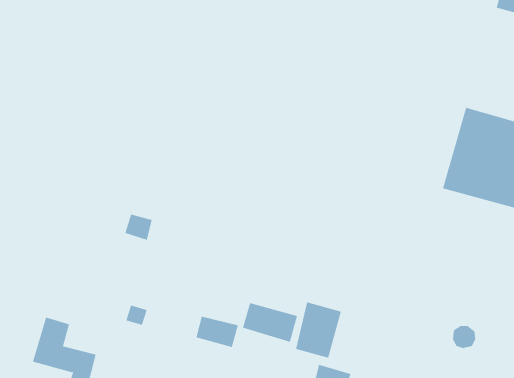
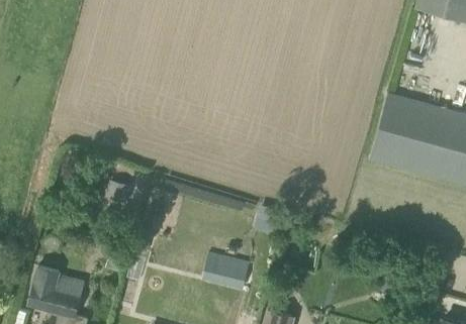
building: [295,302,341,358] -> none
building: [196,316,239,348] -> none

